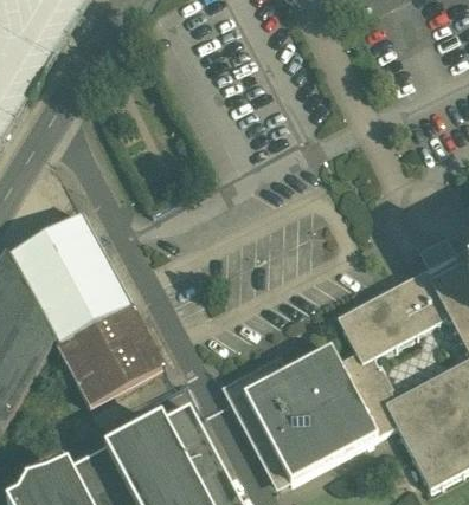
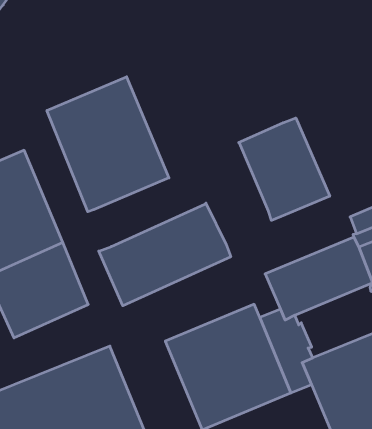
building: none -> [47,77,169,212]
building: none -> [239,118,330,220]
building: none -> [99,203,231,306]

